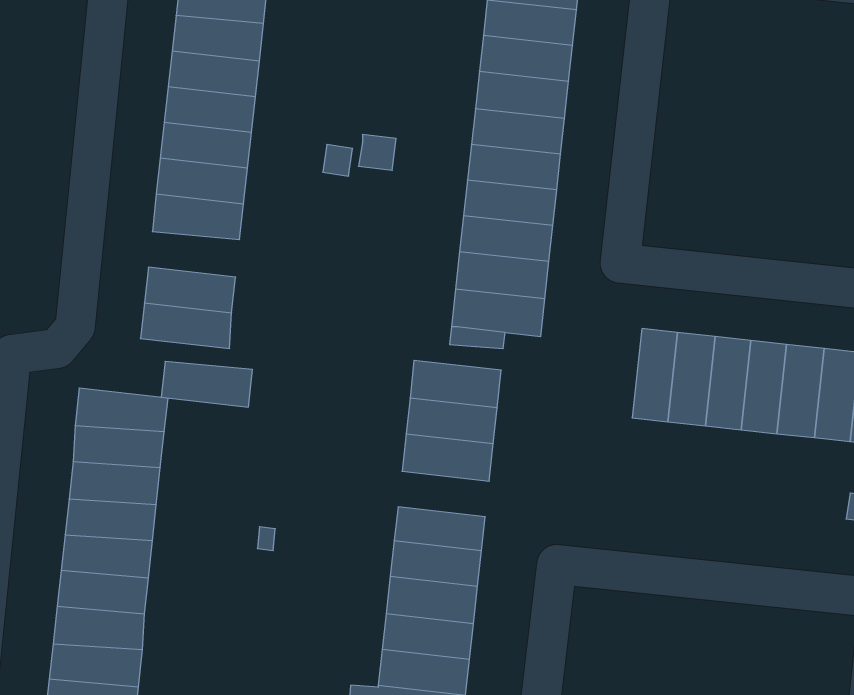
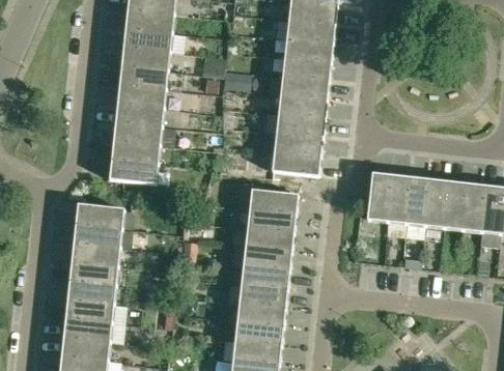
building: [161,361,252,407] -> [113,121,161,145]
building: none -> [244,247,291,270]

